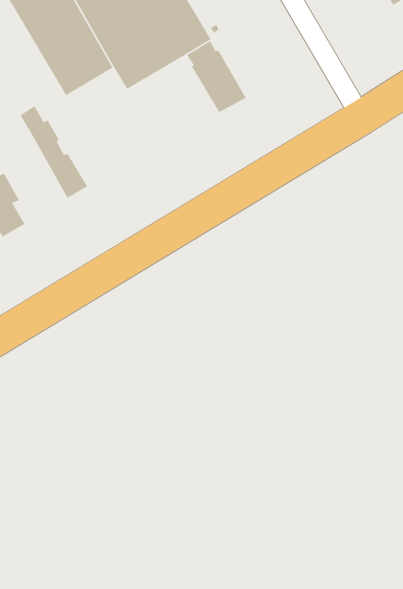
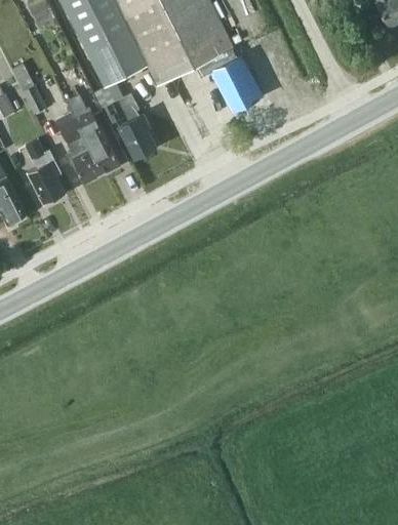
building: none -> [105,93,156,158]
building: none -> [57,116,101,181]

